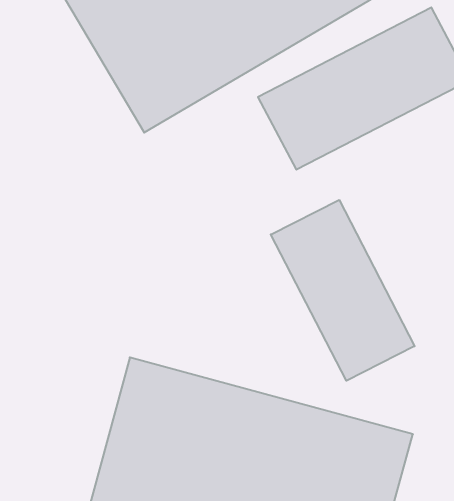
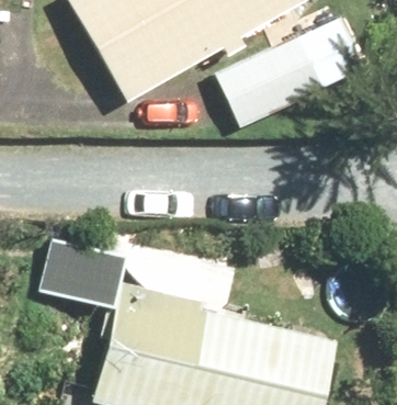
building: [271,200,415,381] -> none

